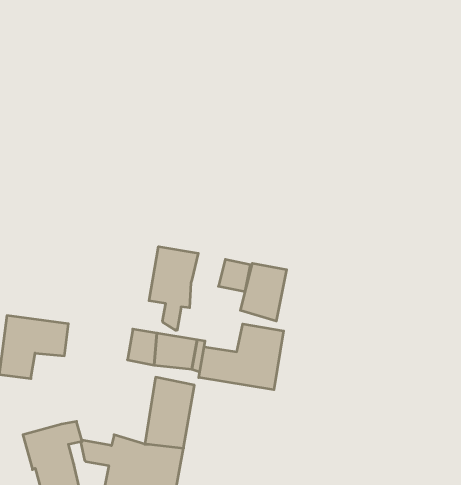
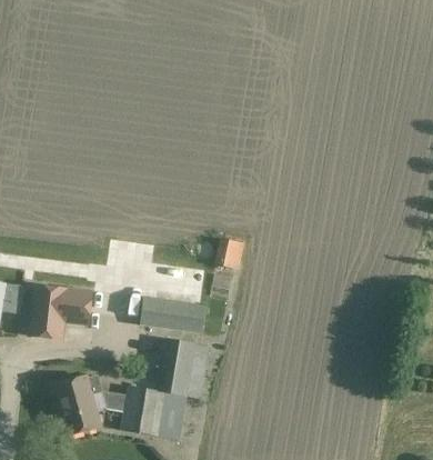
building: [149,247,198,330] -> none
building: [240,263,287,321] -> none
building: [199,324,284,390] -> none

